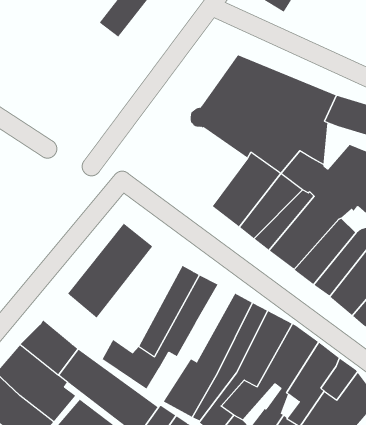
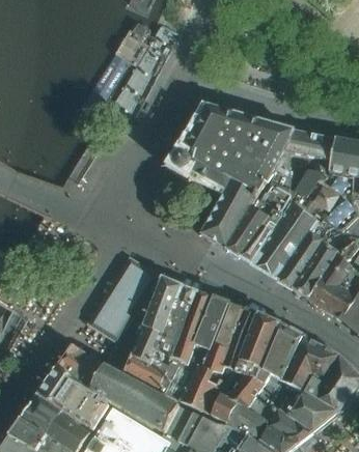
building: none -> [132,277,182,363]
building: none -> [165,298,228,400]

